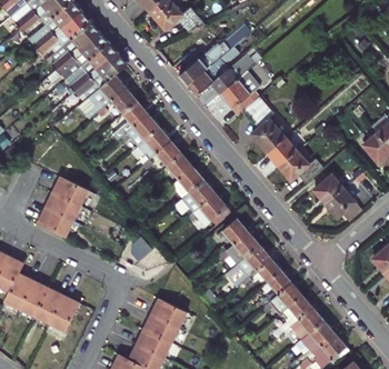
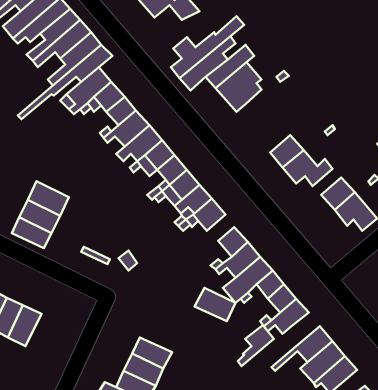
building: [245,94,285,151] -> none
building: [279,295,311,331] -> [238,325,274,366]
building: [48,296,78,332] -> none
building: [150,300,187,330] -> [194,288,235,321]

